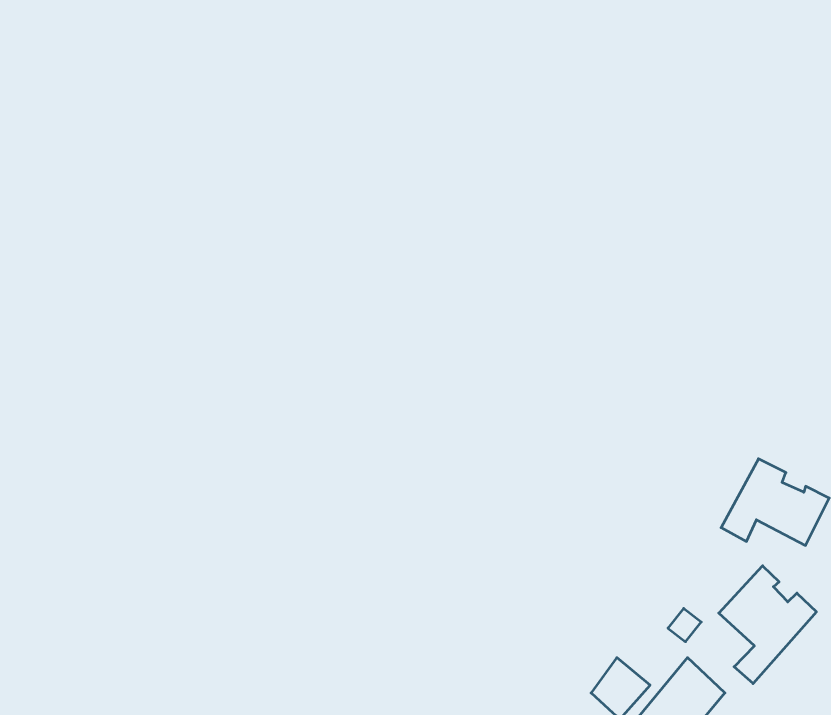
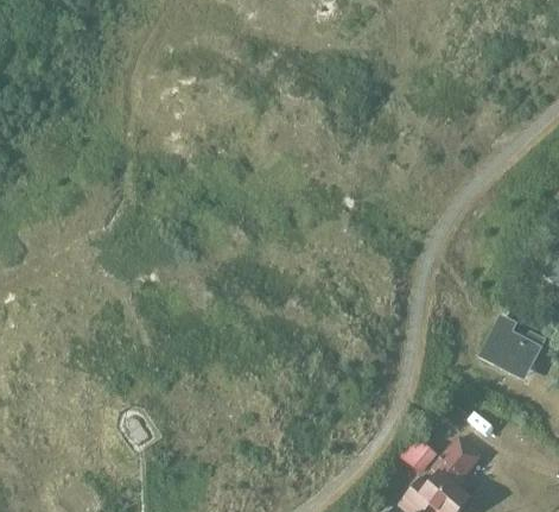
building: [719,566,816,684] -> none

